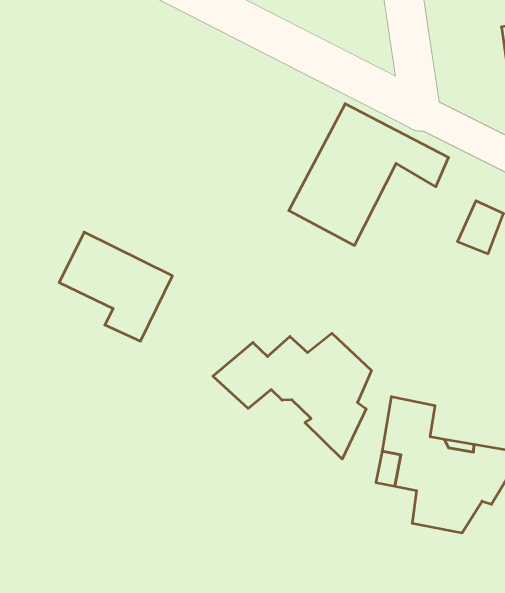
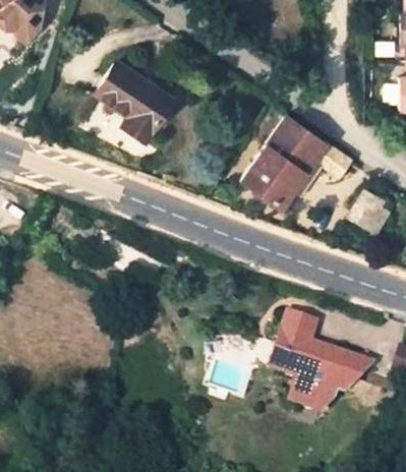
building: [59,232,172,341] -> [96,62,172,140]
building: [213,333,371,459] -> none

